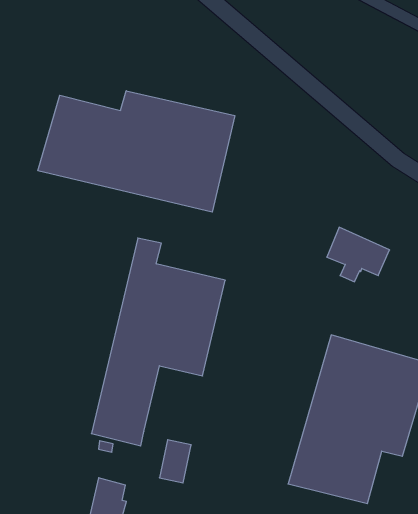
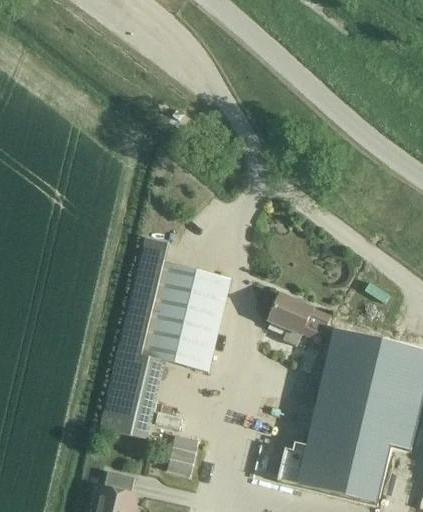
building: [38,91,235,212] -> none
building: [327,227,390,282] -> [270,293,331,346]

